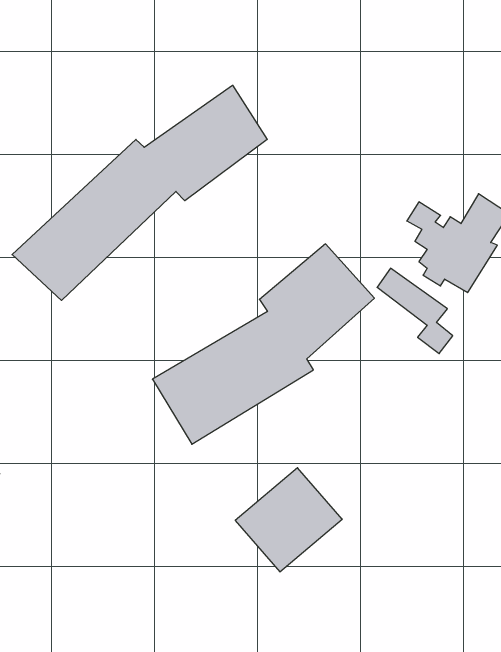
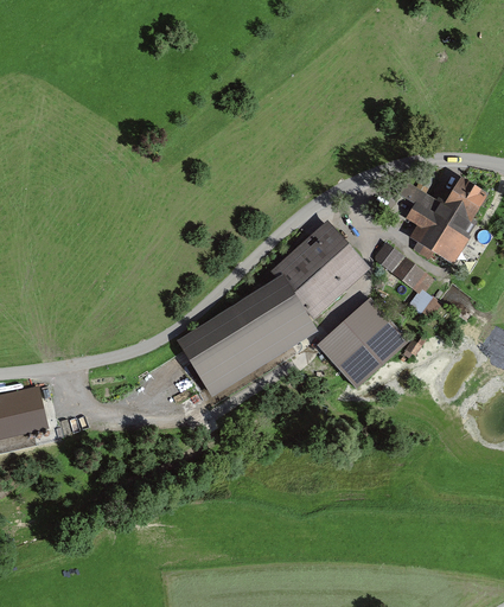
building: [12,85,267,300] -> none
building: [235,468,342,572] -> [314,298,408,389]

